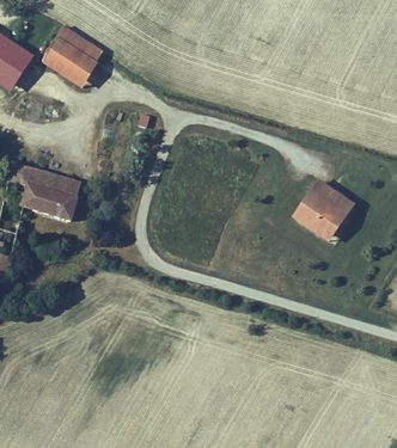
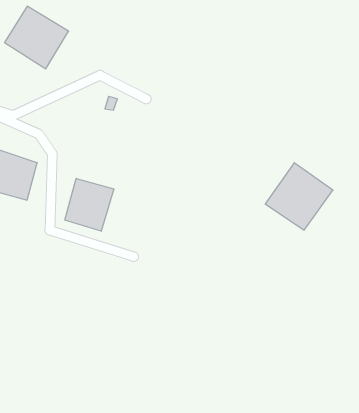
building: none -> [65,178,114,231]

